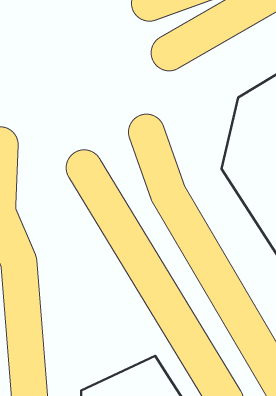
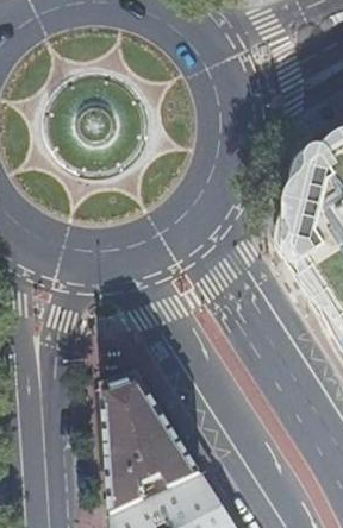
building: none -> [99,371,195,507]

